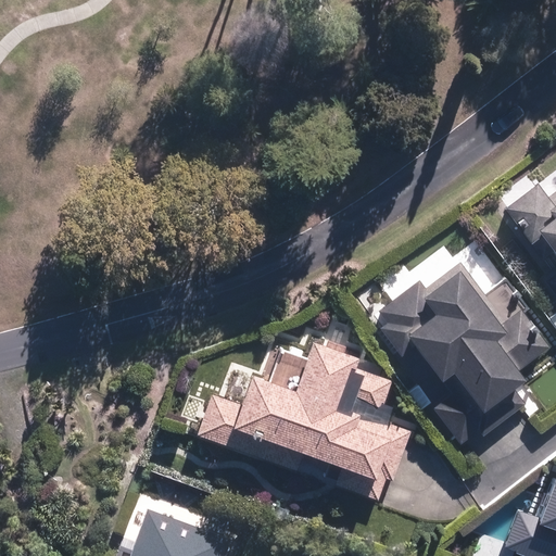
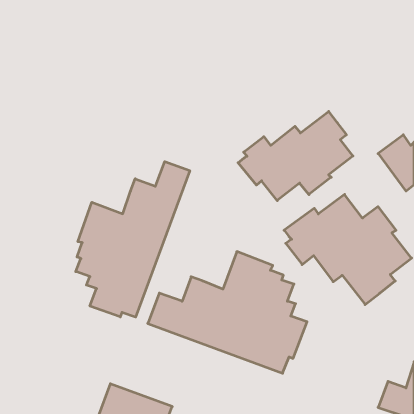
building: none -> [238,111,353,201]
building: none -> [76,162,190,317]

